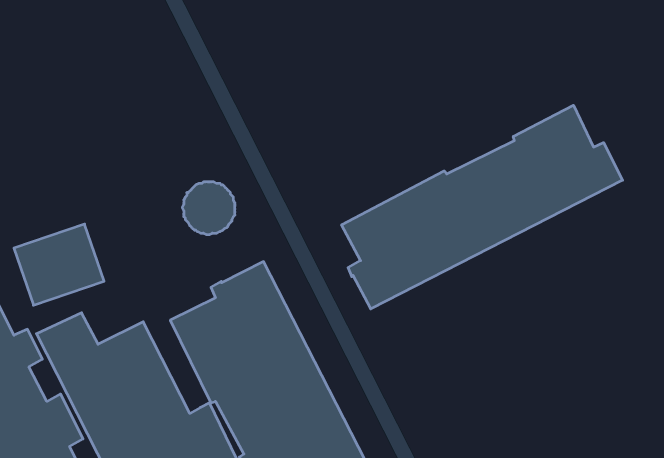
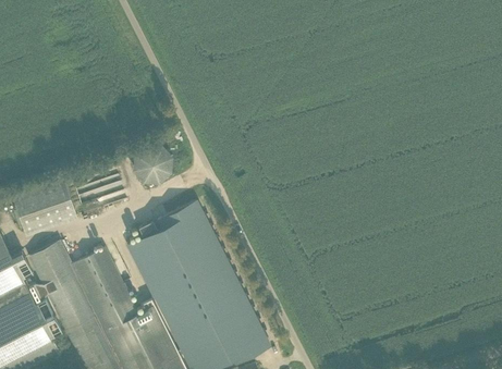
building: [342,105,623,309] -> none

